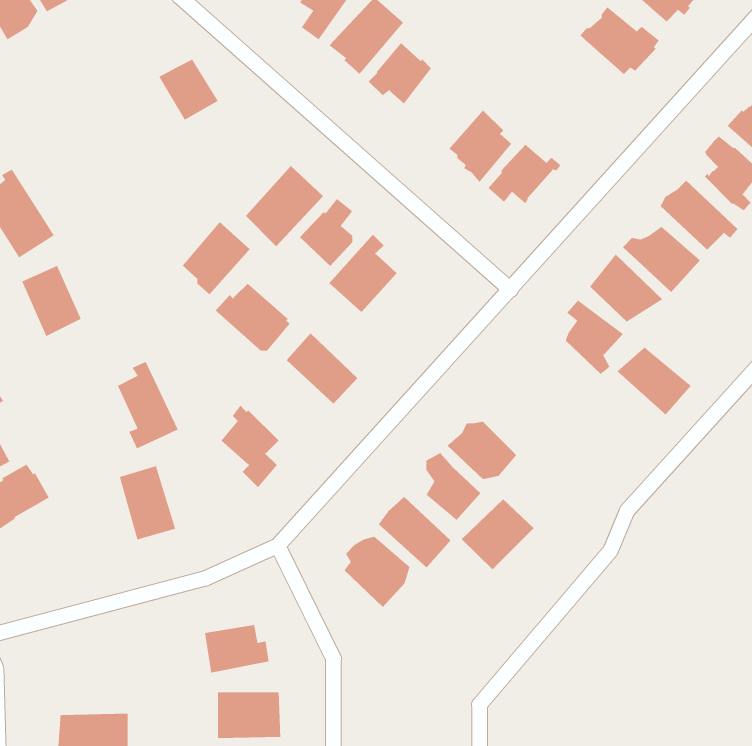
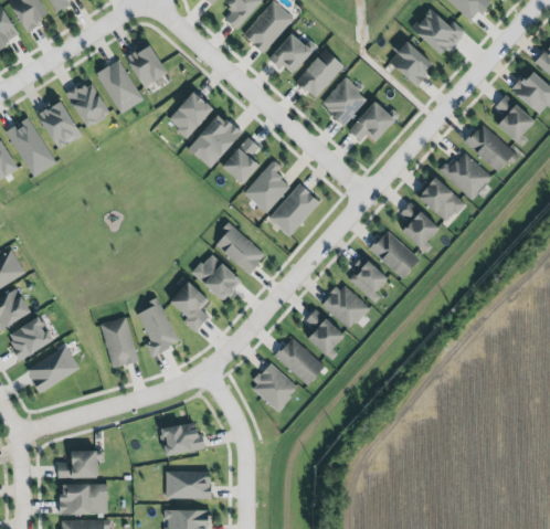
building: none -> [385,41,430,87]
building: none -> [295,50,343,100]
building: none -> [97,57,146,114]
building: none -> [66,82,112,125]
building: [182,221,251,295] -> [168,87,214,137]
building: [21,265,82,337] -> [36,100,77,149]
building: none -> [268,184,318,237]
building: [215,283,290,352] -> [191,252,242,298]
building: [617,347,692,415] -> [369,232,420,278]
building: [117,361,179,449] -> [137,297,179,357]
building: none -> [350,254,389,303]
building: [461,498,535,570] -> none
building: none -> [29,345,81,392]
building: none -> [57,448,99,476]

